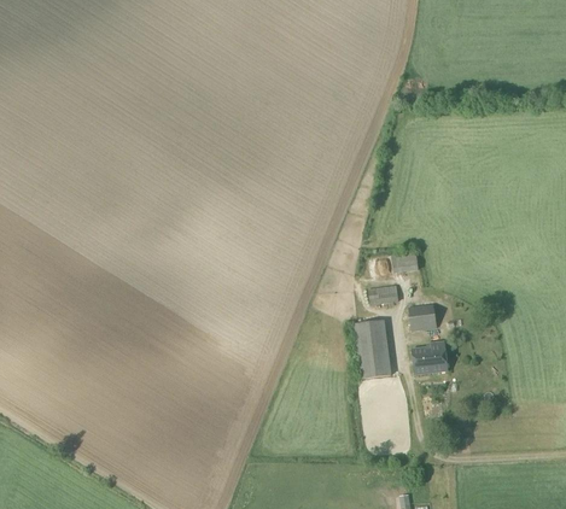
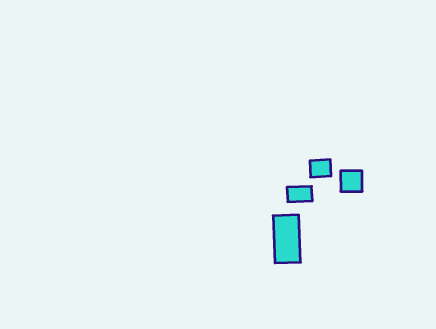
building: [408,304,436,330] -> [341,171,362,191]
building: [412,340,448,374] -> none

